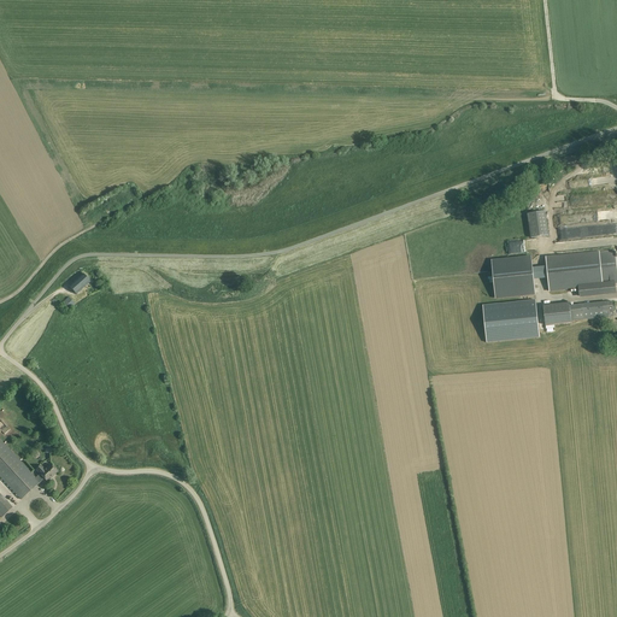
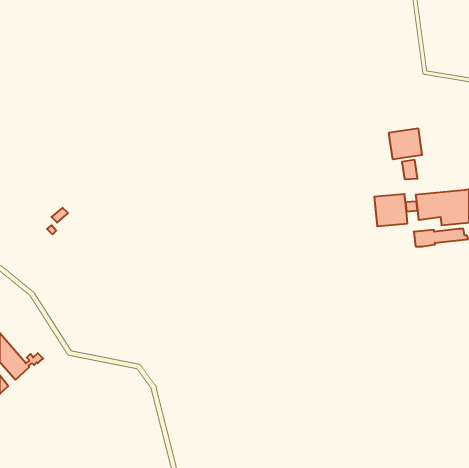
building: none -> [389,128,422,159]
building: [482,298,539,341] -> none

